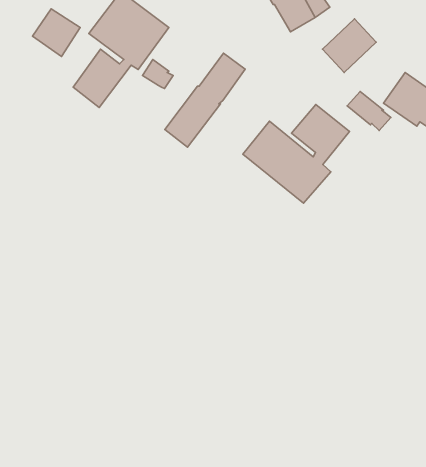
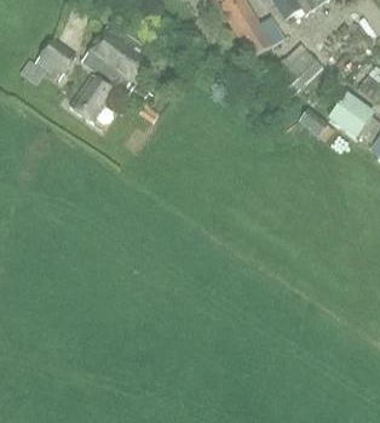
building: [165,53,245,147] -> none
building: [243,105,349,203] -> none

